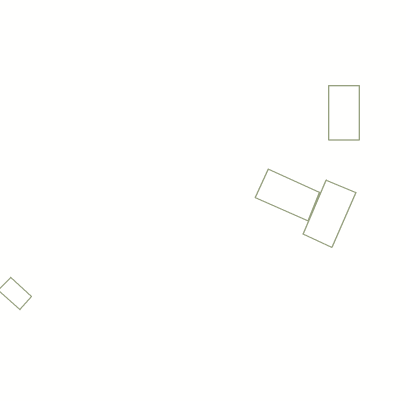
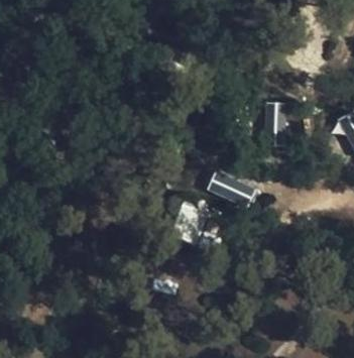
building: [303,180,356,247] -> none

